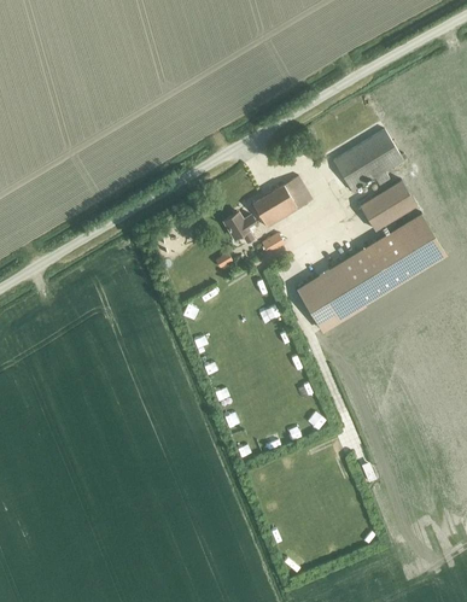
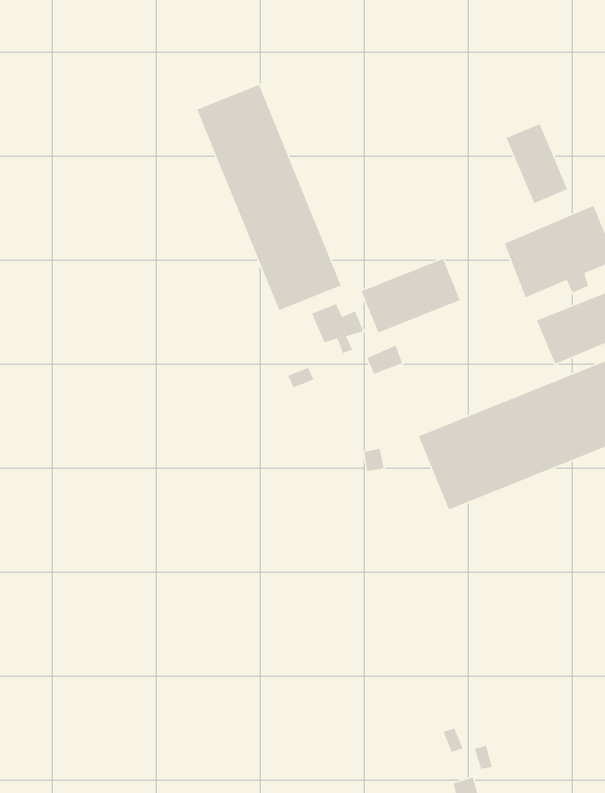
building: none -> [505,123,568,204]
building: none -> [196,84,342,311]

